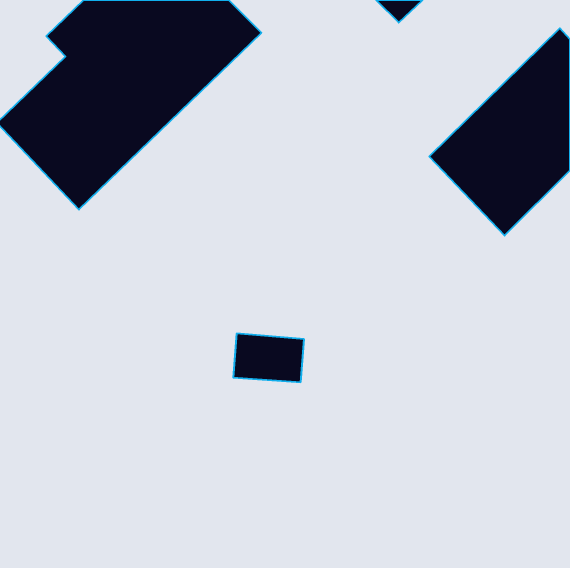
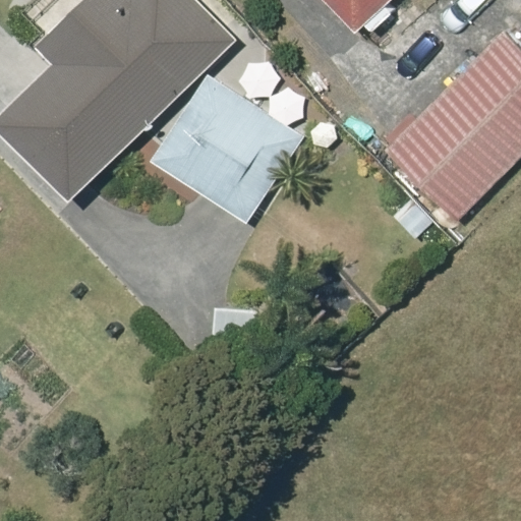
building: none -> [152,74,303,224]

